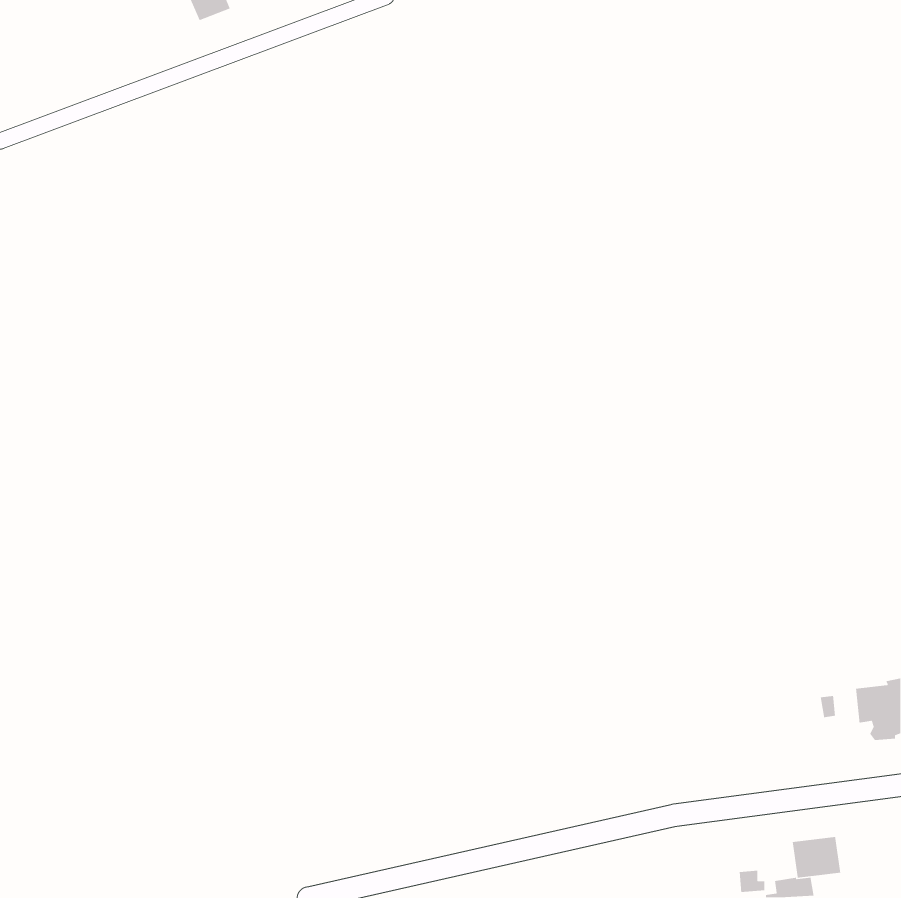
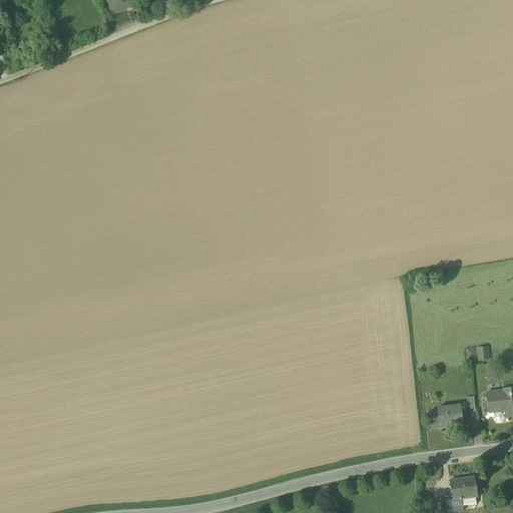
building: none -> [429,403,463,428]

